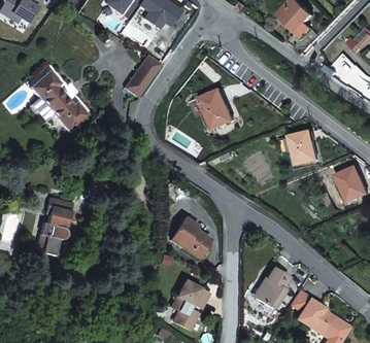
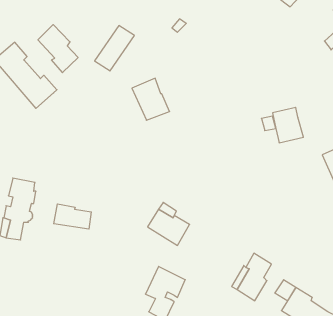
building: none -> [38,25,78,73]
building: [198,91,233,130] -> [132,78,170,120]
building: none -> [54,204,91,229]

